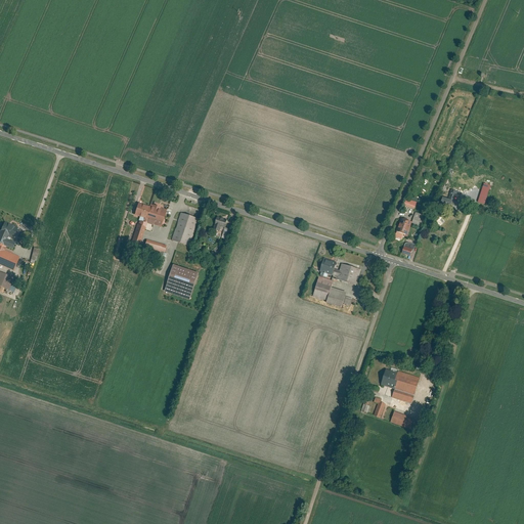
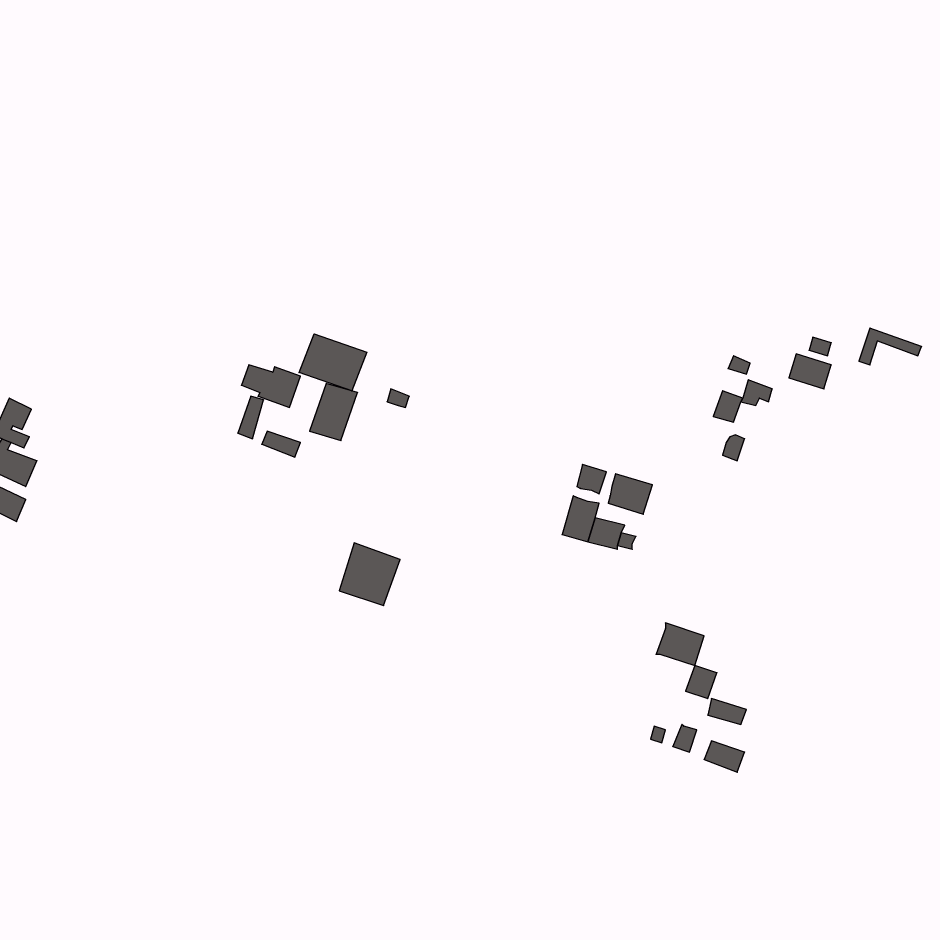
building: none -> [299,334,367,391]
building: [166,264,200,299] -> [339,543,400,606]
building: [393,370,420,394] -> [656,623,704,665]

